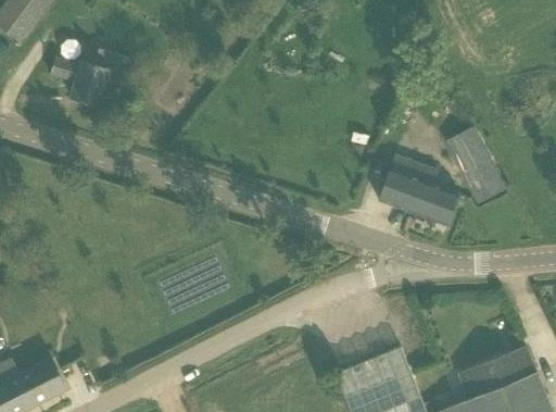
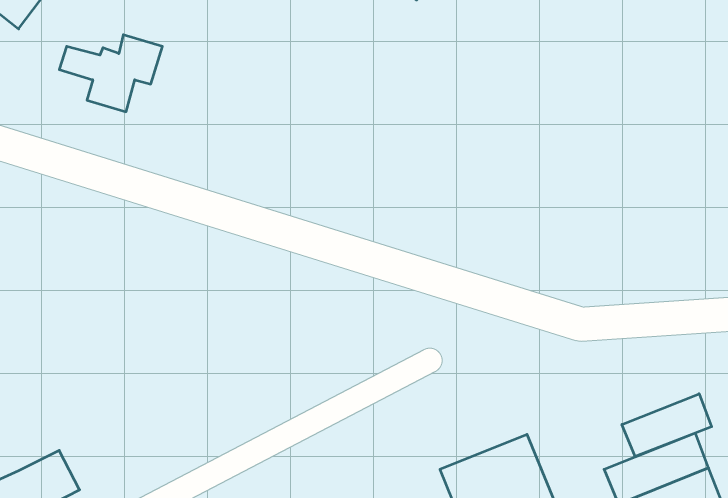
building: [443,126,505,204] -> none
building: [378,152,458,225] -> none
building: none -> [622,394,712,457]

